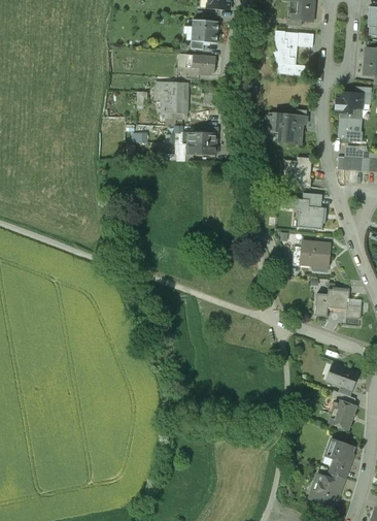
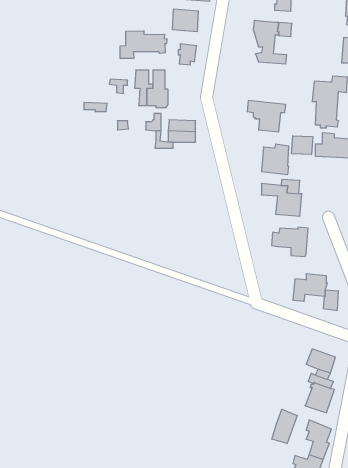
building: none -> [120,31,167,59]
building: none -> [292,136,313,155]
building: none -> [272,409,297,444]

